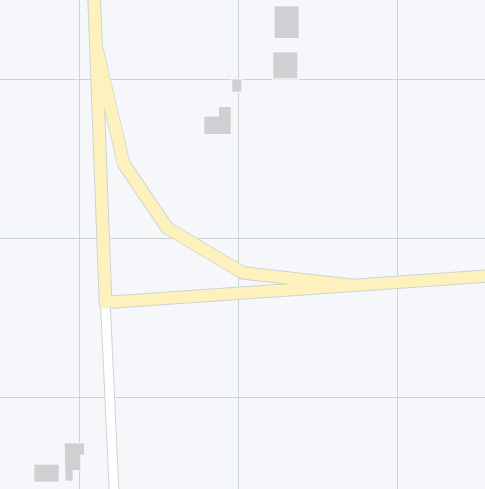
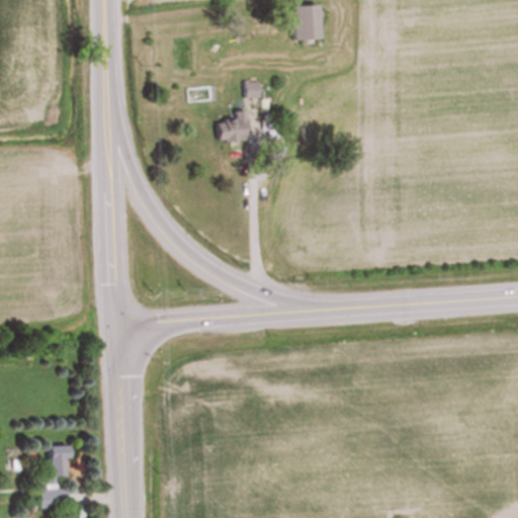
building: [273,52,298,79] -> none
building: [64,443,85,481] -> [49,445,71,486]

